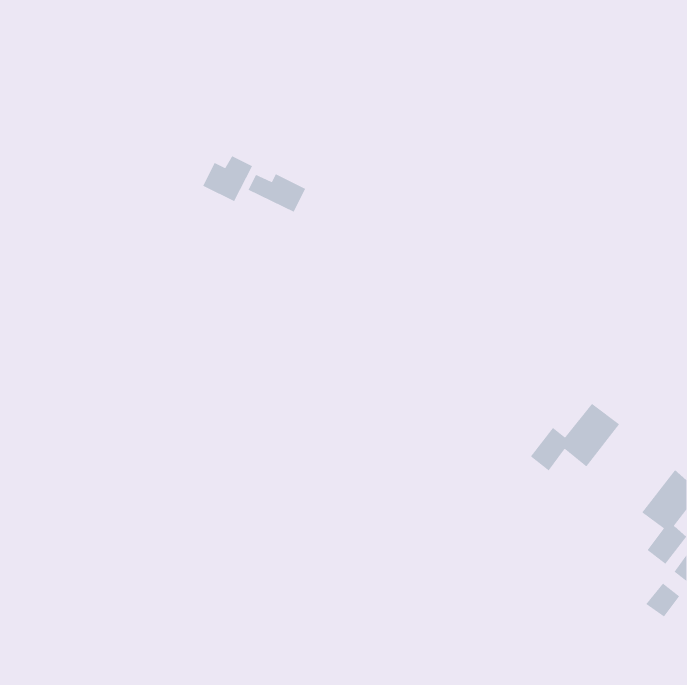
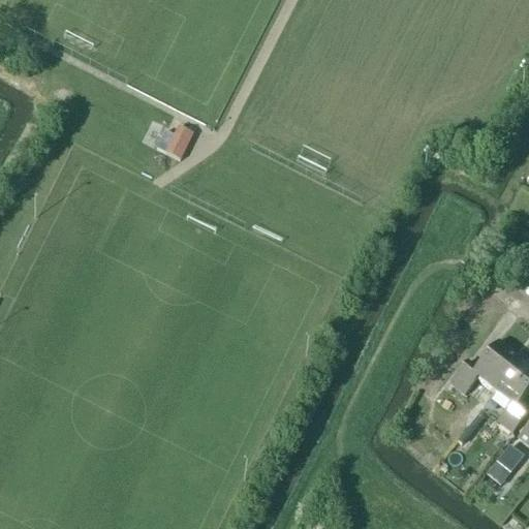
building: [247,173,306,213] -> none
building: [530,403,620,471] -> [448,343,518,396]

